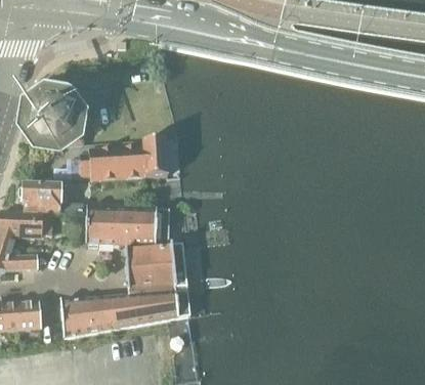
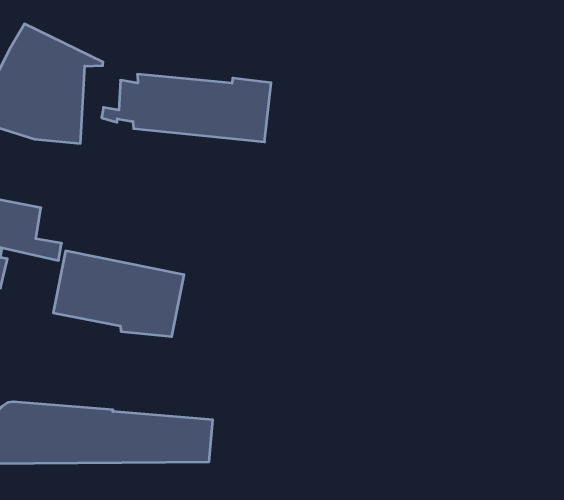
building: [72,139,168,179] -> [102,74,271,142]
building: [126,244,187,295] -> none

